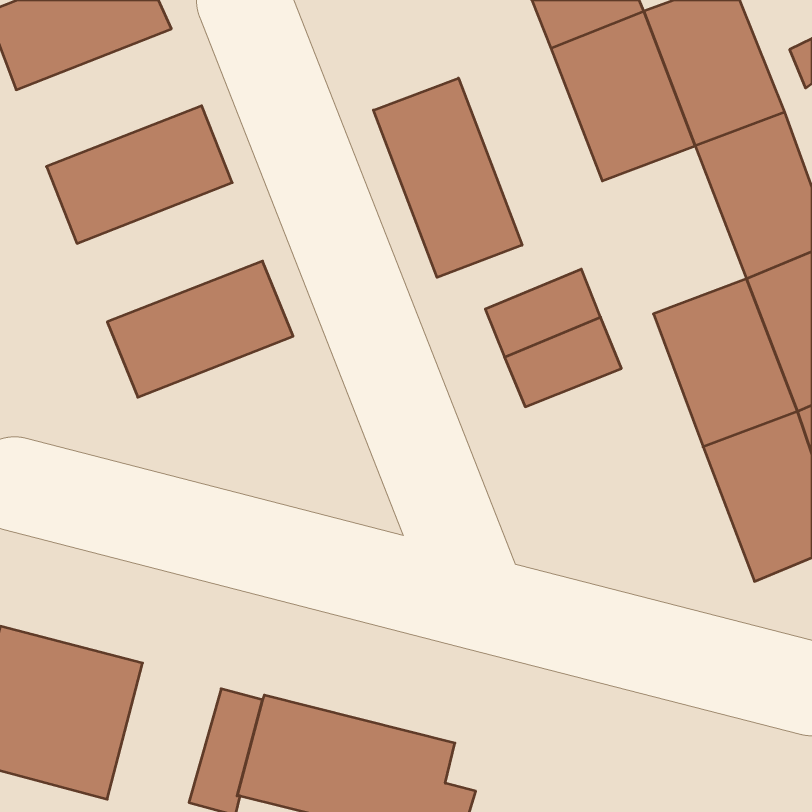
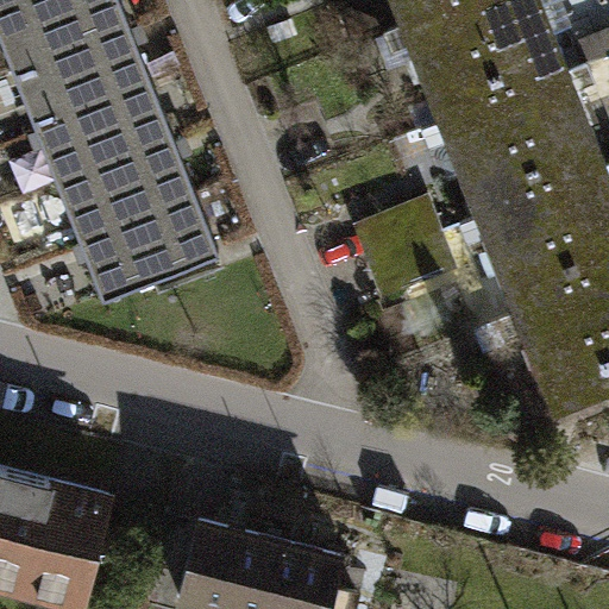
building: none -> [12,26,150,128]
building: [373,78,522,277] -> none
building: none -> [447,113,554,238]
building: none -> [57,140,195,244]

